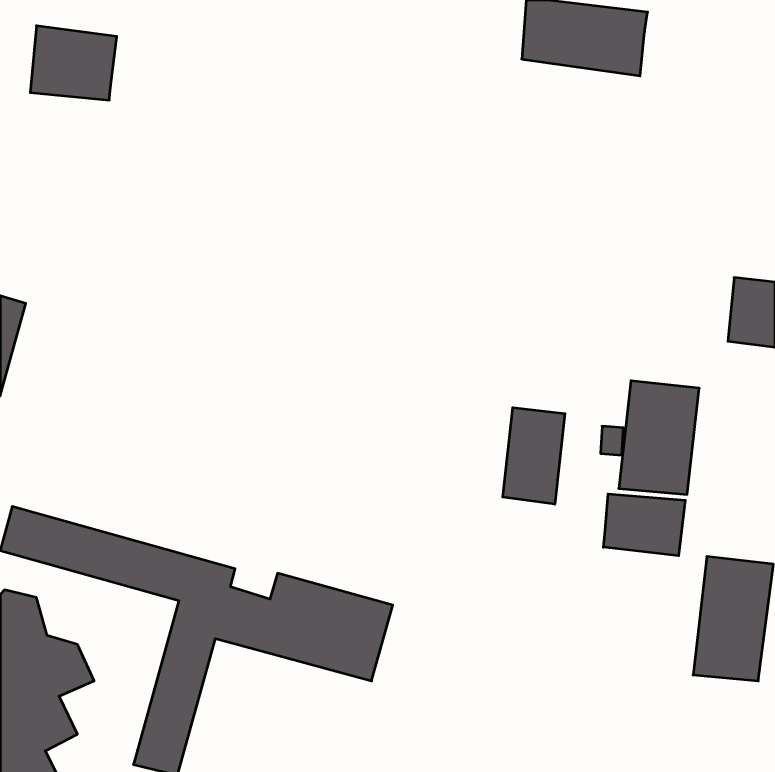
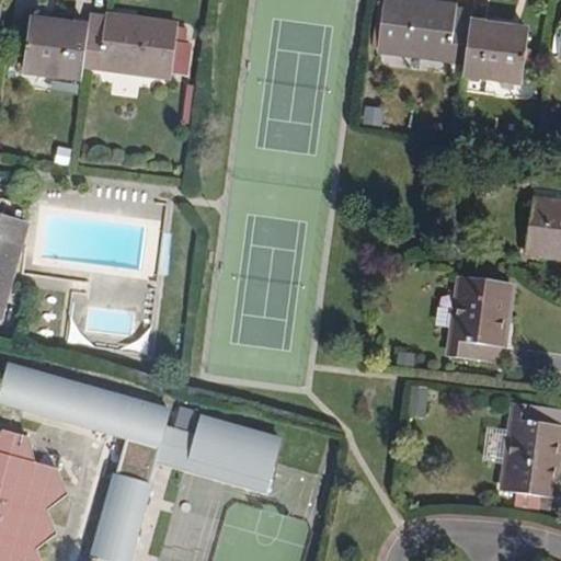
building: none -> [80,15,173,72]
building: none -> [460,25,523,79]
building: [503,408,565,504] -> none
building: [603,494,685,556] -> none

